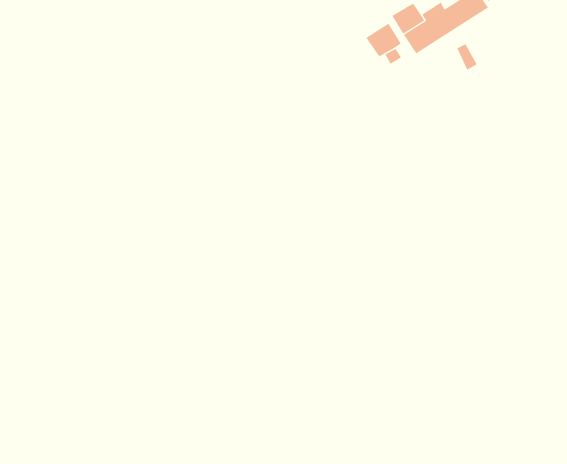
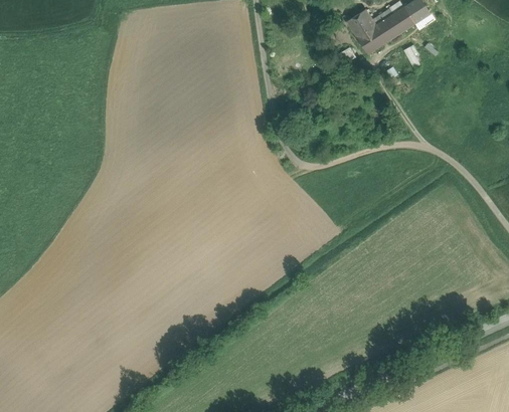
building: [365,23,402,57] -> none

